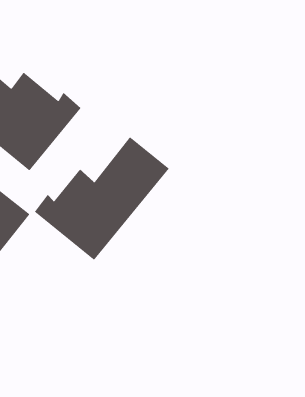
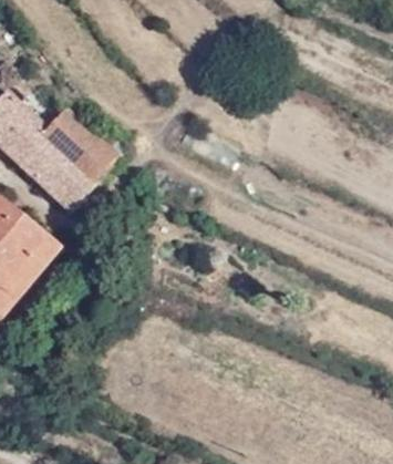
building: [34,136,170,261] -> none

